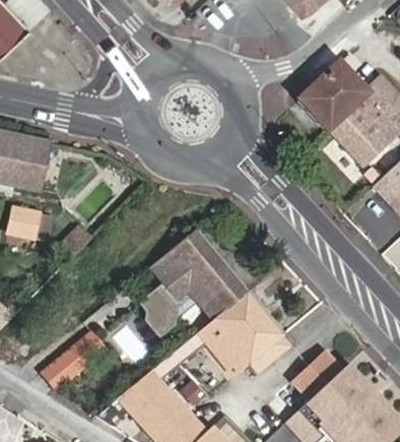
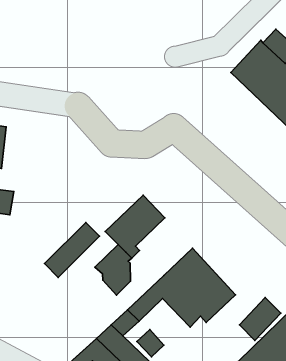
building: [183,255,246,319] -> none
building: [43,331,106,390] -> [44,222,99,277]

